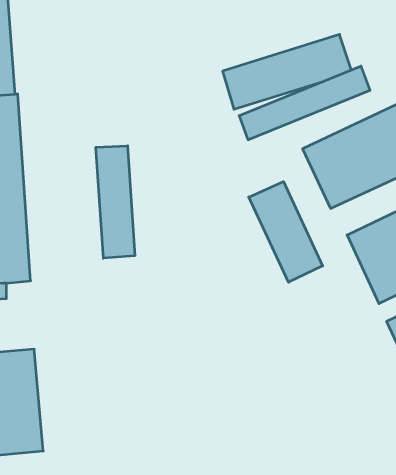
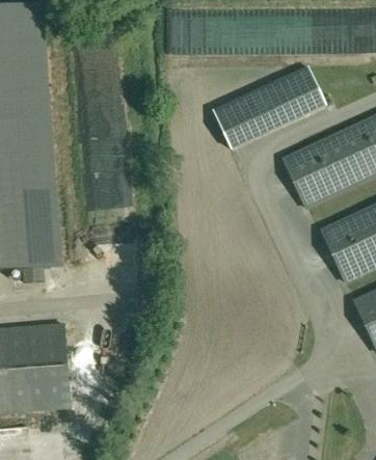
building: [96,146,135,258] -> none
building: [249,182,323,282] -> none

